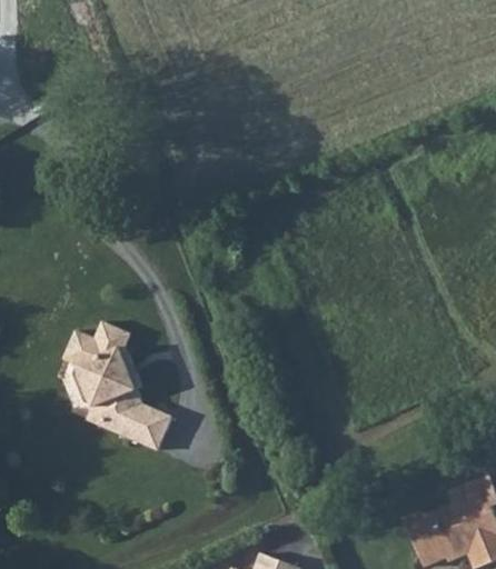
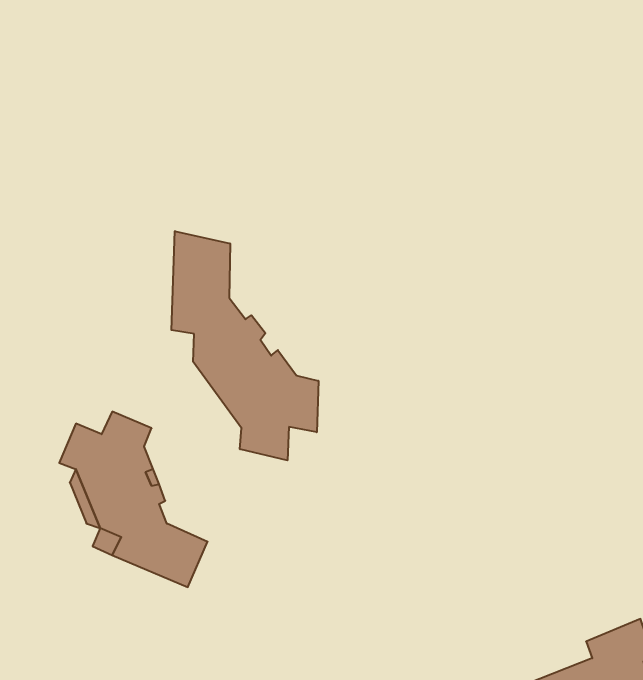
building: none -> [171,231,318,460]

